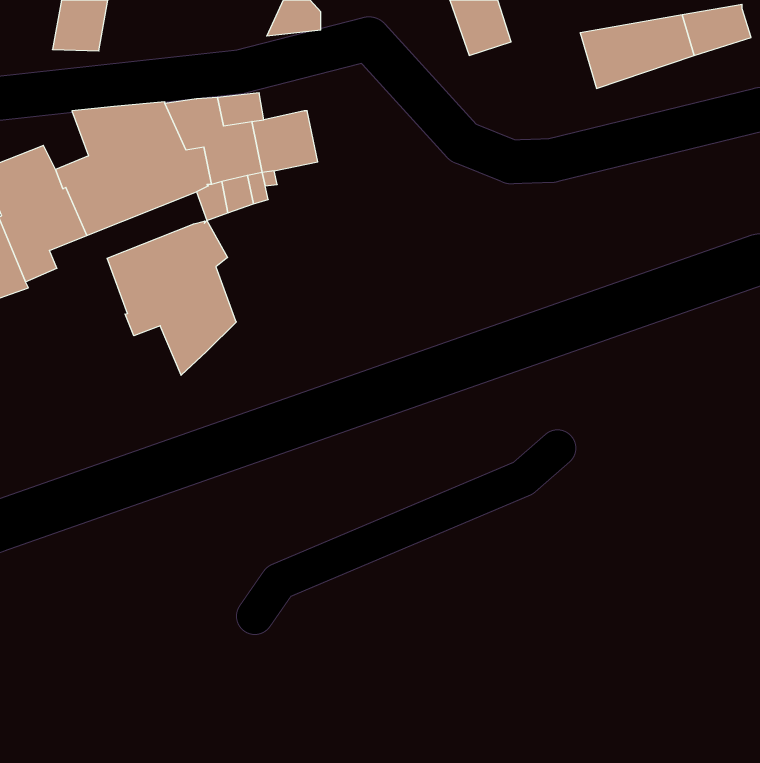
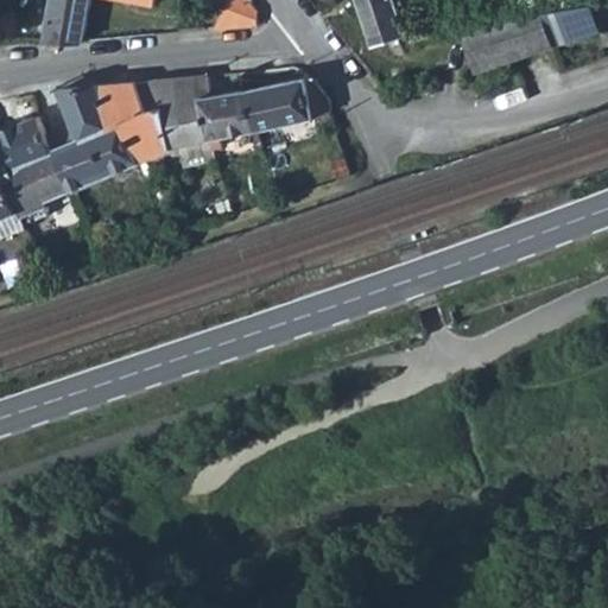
building: none -> [243,78,327,131]
building: [107,220,236,375] -> none

